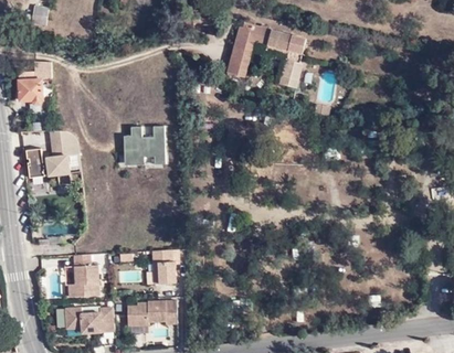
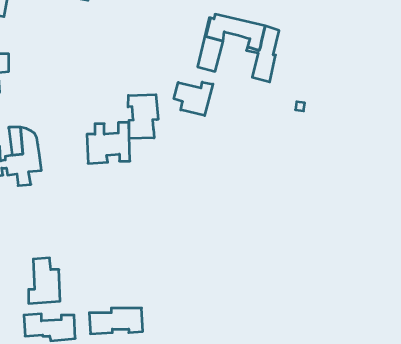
building: none -> [174,82,213,116]
building: none -> [128,95,158,138]
building: [151,249,175,284] -> none

